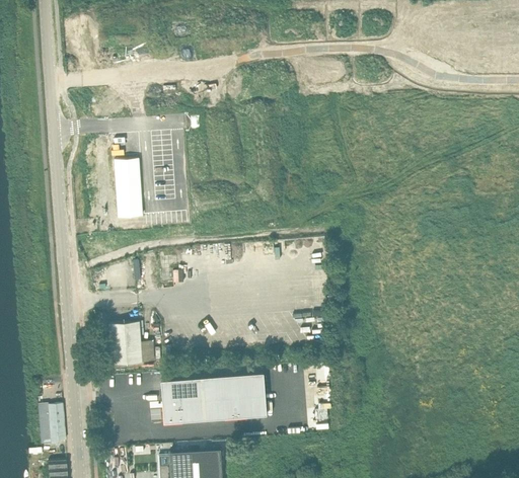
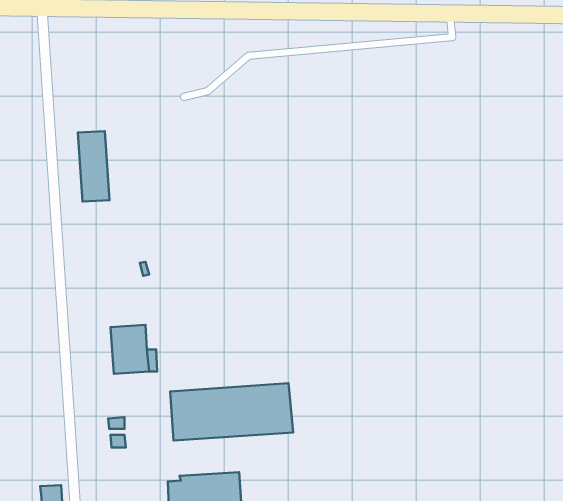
building: [115,161,142,222] -> [78,131,109,201]
building: [38,405,65,446] -> none

